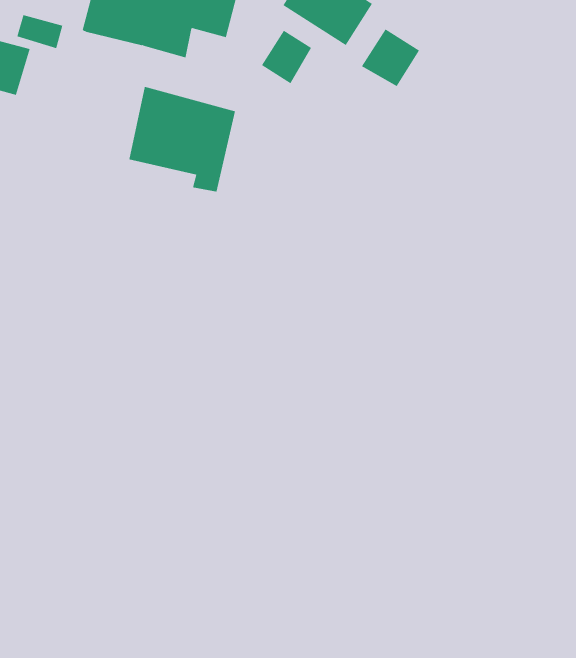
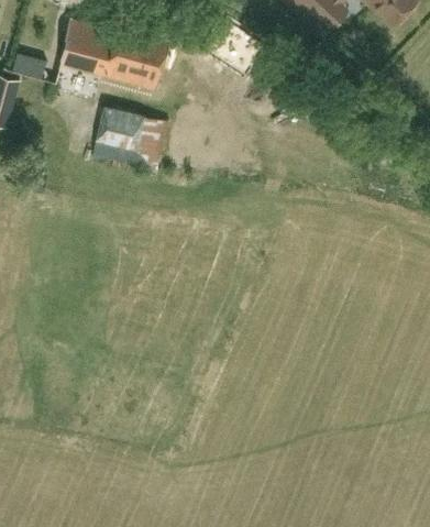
building: [361,28,420,87] -> none
building: [261,30,312,84] -> none

